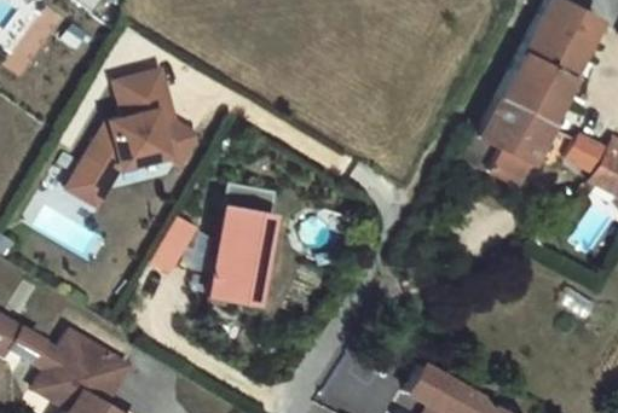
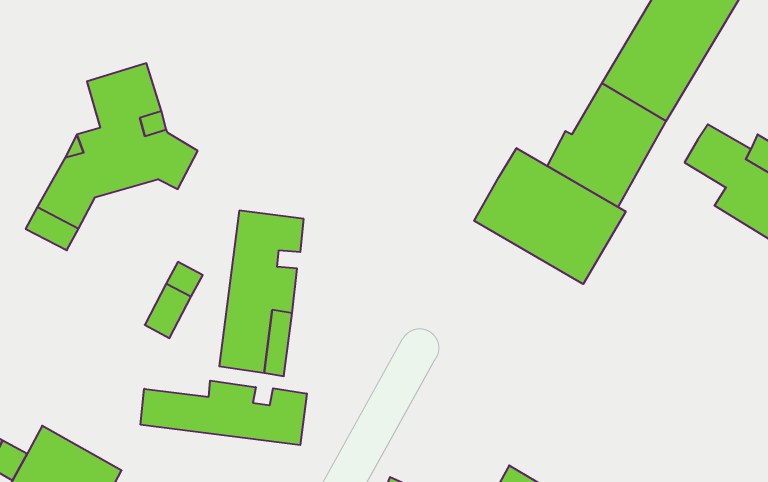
building: none -> [474,148,626,284]
building: none -> [141,381,307,445]

